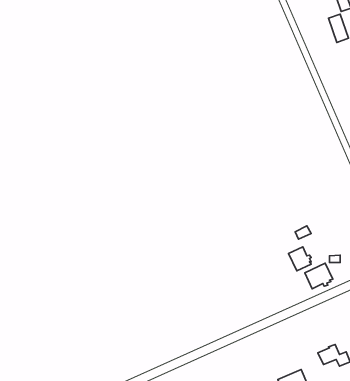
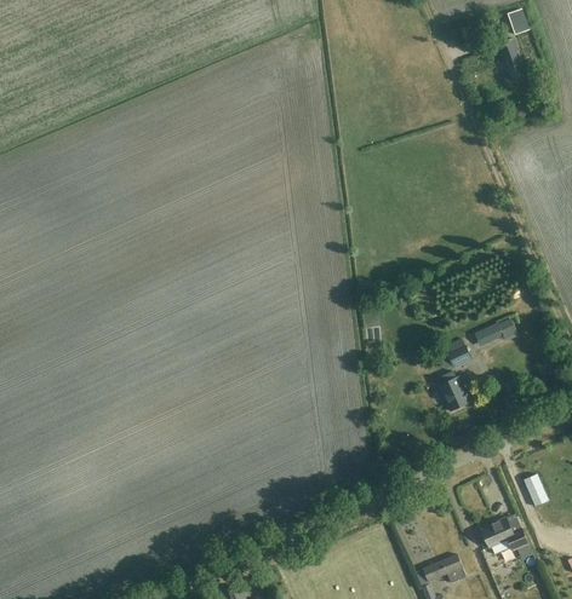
building: none -> [471,312,516,342]
building: [305,263,333,289] -> none

